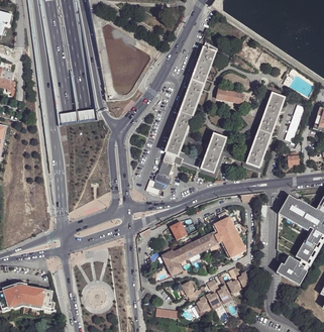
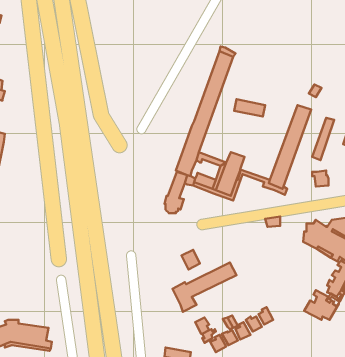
building: [211,211,246,258] -> none

